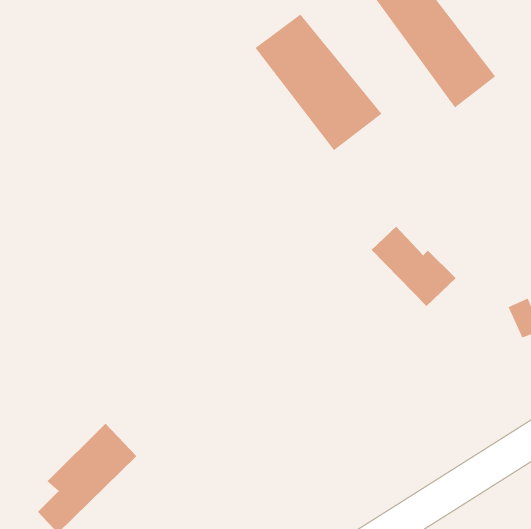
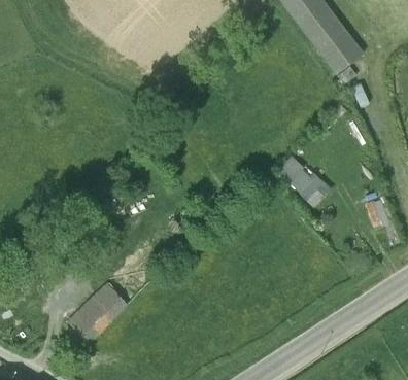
building: [254,13,383,151] -> none

